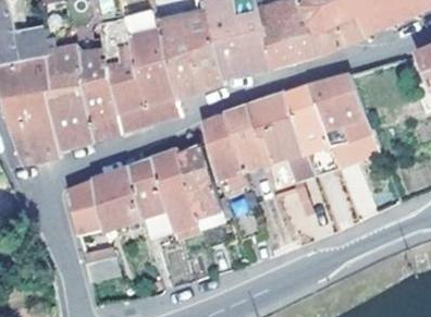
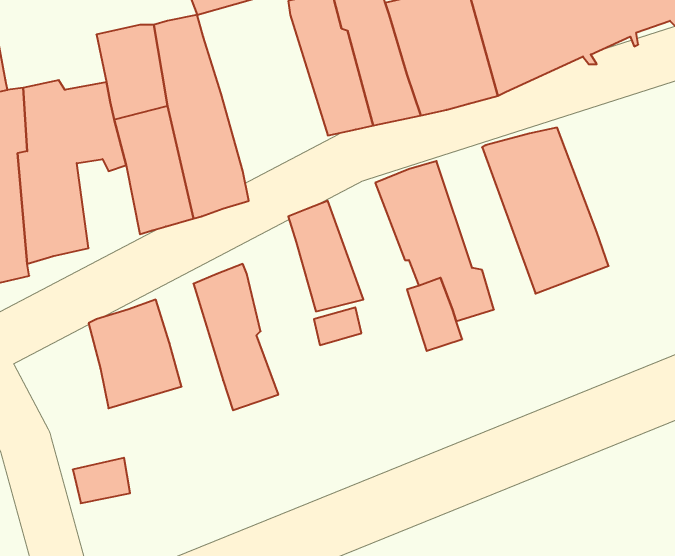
building: [155,11,224,97] -> none
building: [283,84,337,173] -> none
building: [85,90,120,139] -> none
building: [223,103,273,168] -> none
building: [178,145,224,246] -> none
building: [128,159,171,235] -> none
building: [66,181,102,235] -> none

